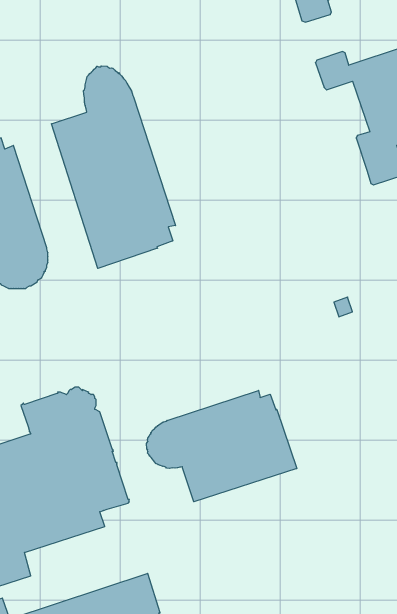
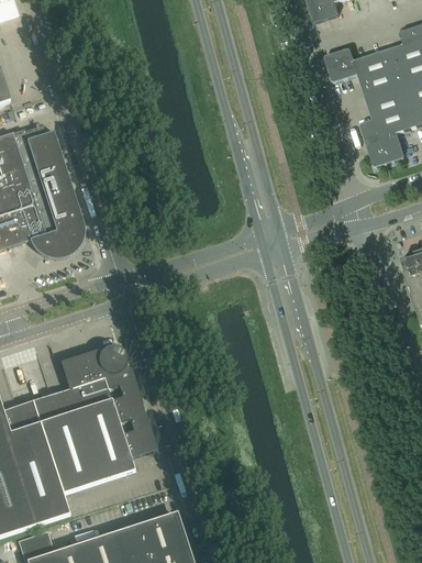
building: [51,66,175,268] -> none
building: [147,390,297,502] -> none

